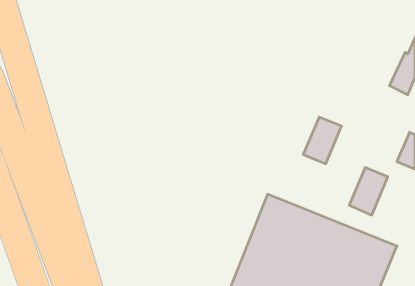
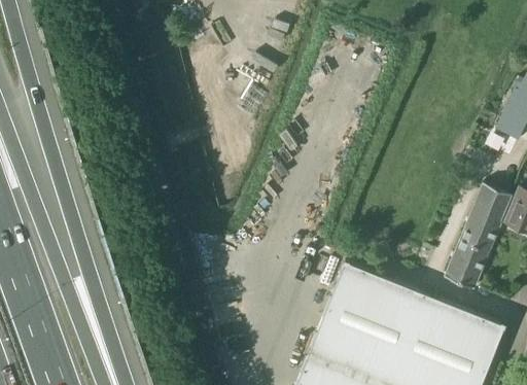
building: [303,117,342,164] -> [464,183,512,241]

